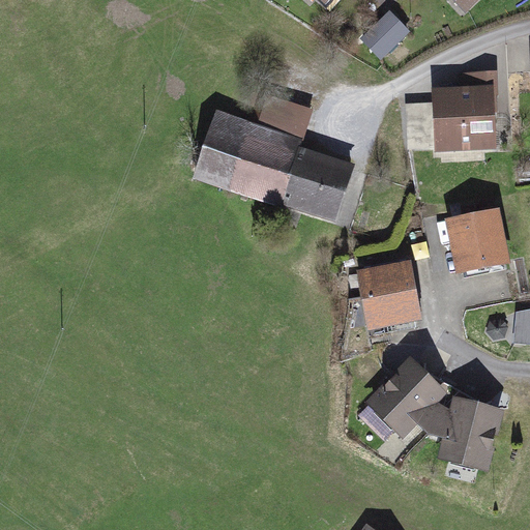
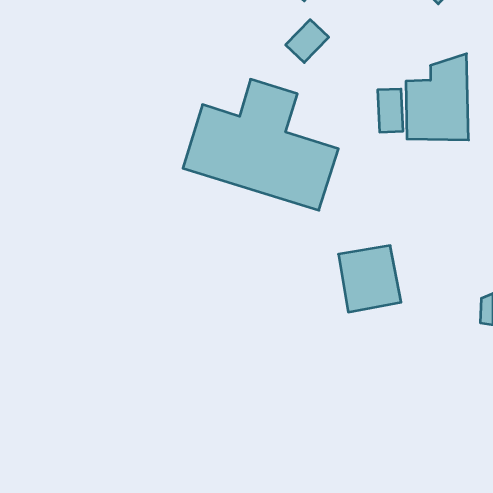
building: [358,8,404,54] -> [286,20,329,63]
building: [447,208,510,275] -> none
building: [367,359,504,472] -> none

